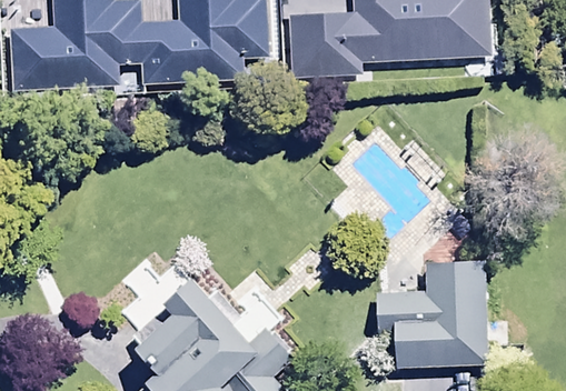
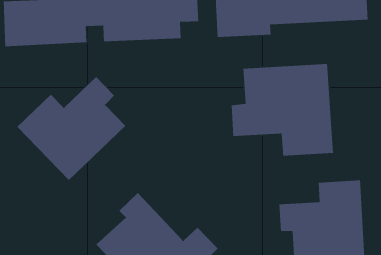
building: none -> [231,63,334,157]
building: none -> [17,76,126,181]

